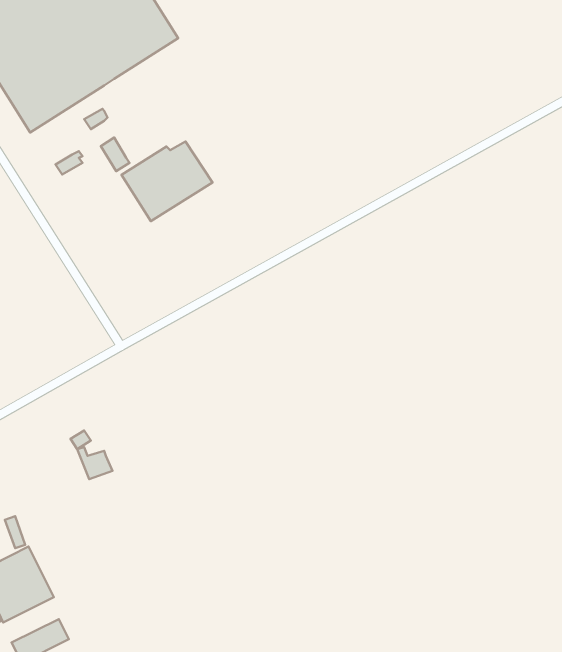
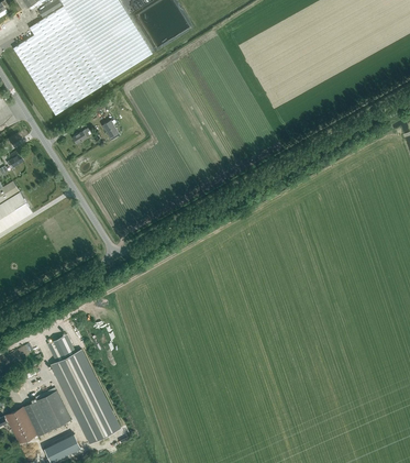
building: [122,142,212,221] -> none
building: none -> [47,334,119,442]

